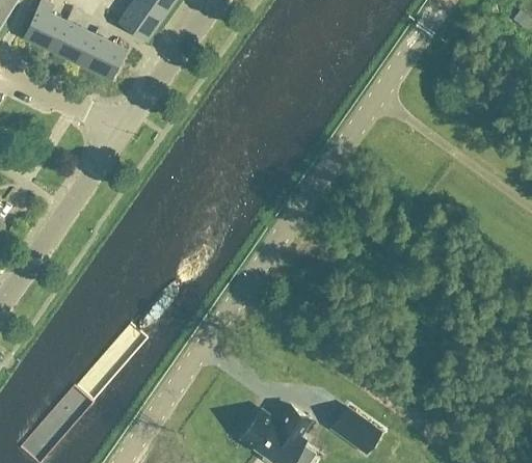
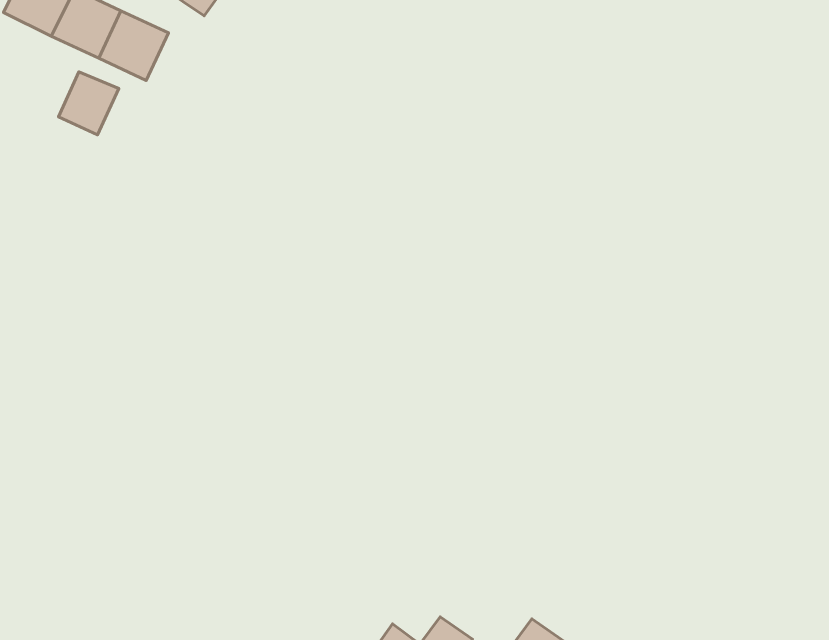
building: none -> [59,72,119,135]

